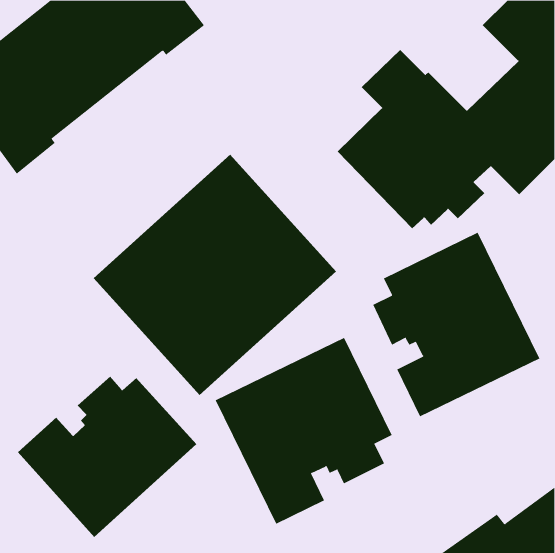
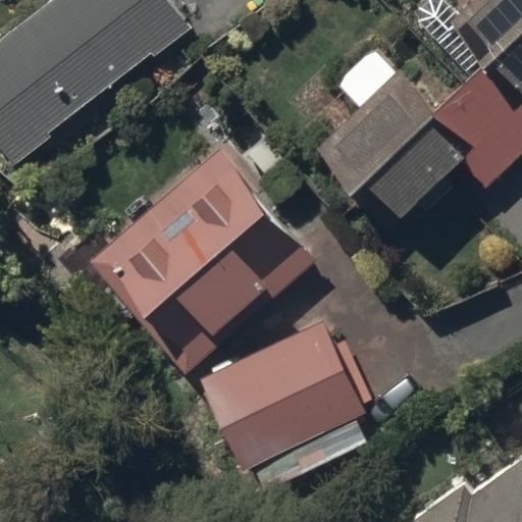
building: [372,232,540,417] -> none
building: [17,376,197,538] -> none

